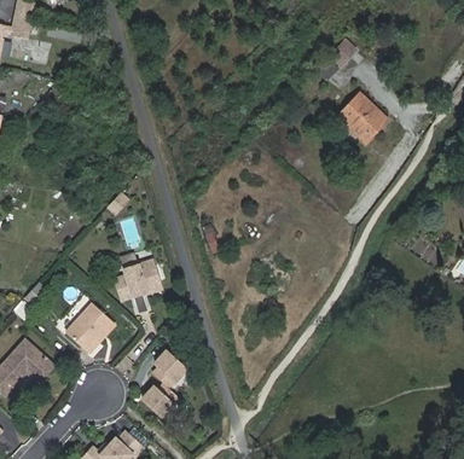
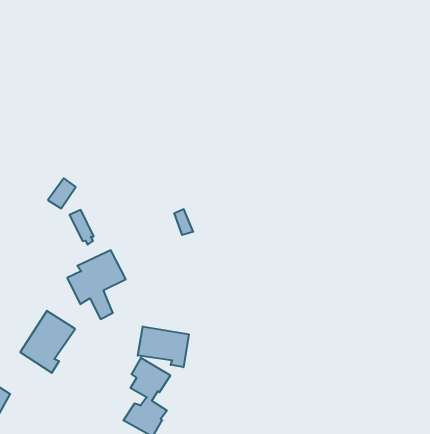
building: [340,98,389,147] -> none
building: none -> [138,326,189,367]

